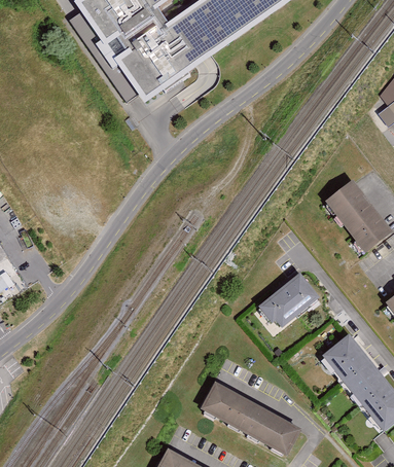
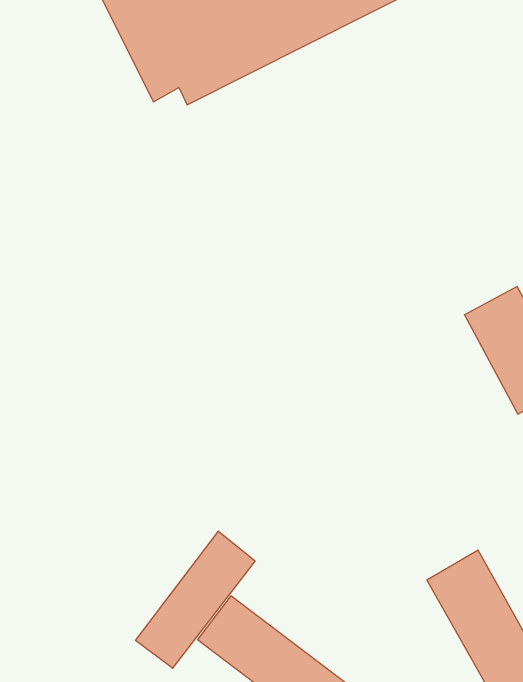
building: [261,272,320,326] -> none
building: none -> [136,531,255,668]

